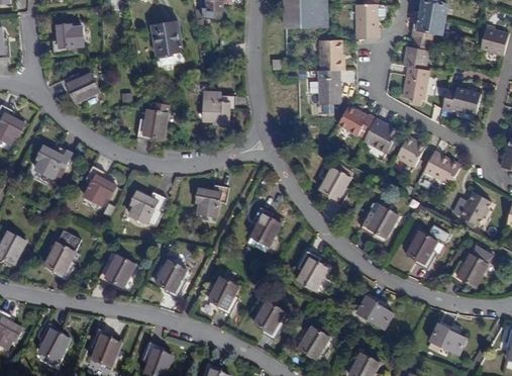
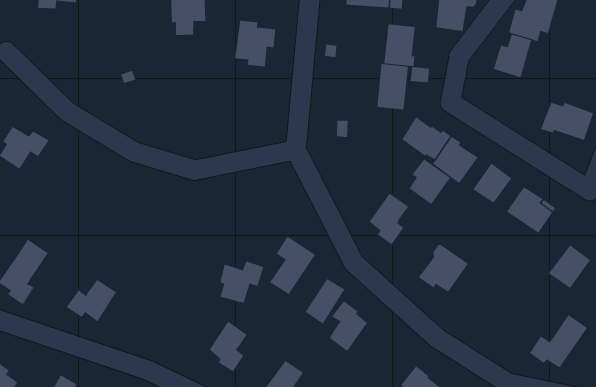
building: [402,67,429,106] -> none
building: [61,75,99,102] -> none
building: [205,92,234,125] -> [234,20,276,67]
building: [137,102,170,139] -> none
building: none -> [409,159,451,205]
building: [85,166,115,204] -> none
building: [196,184,228,216] -> [219,261,264,304]
building: [129,190,166,225] -> none
building: [406,223,448,270] -> none
building: none -> [305,278,345,325]
building: [156,259,185,299] -> none

